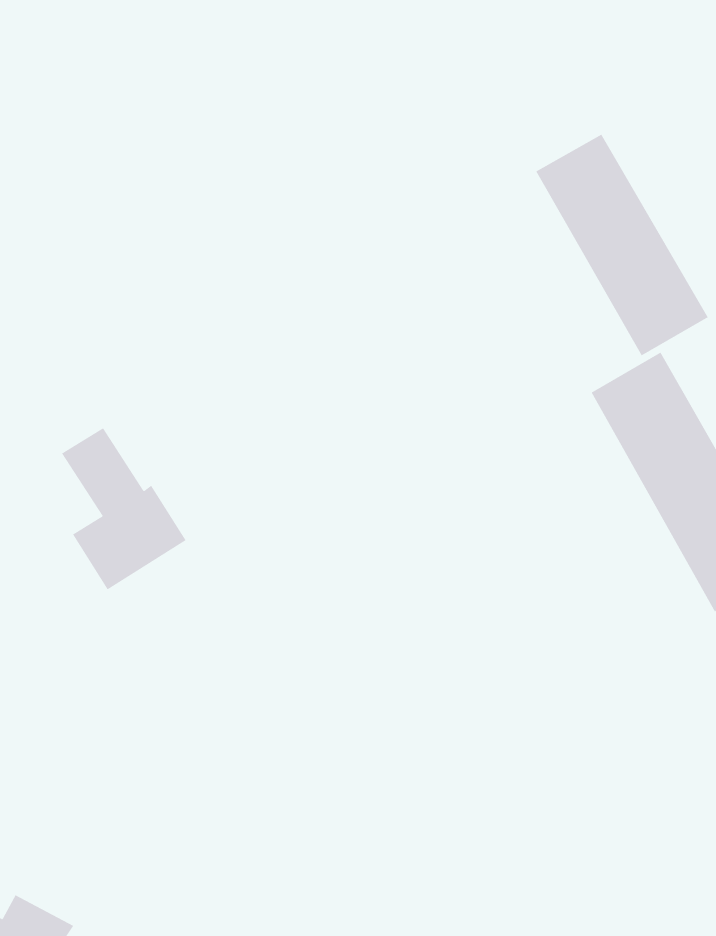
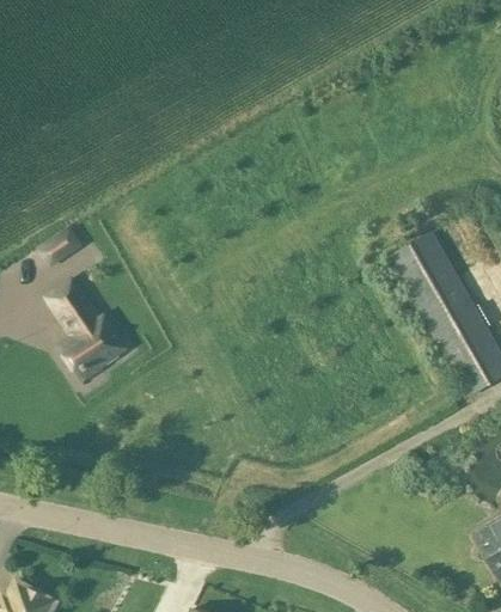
building: [536,134,708,356] -> none
building: none -> [38,227,79,264]

